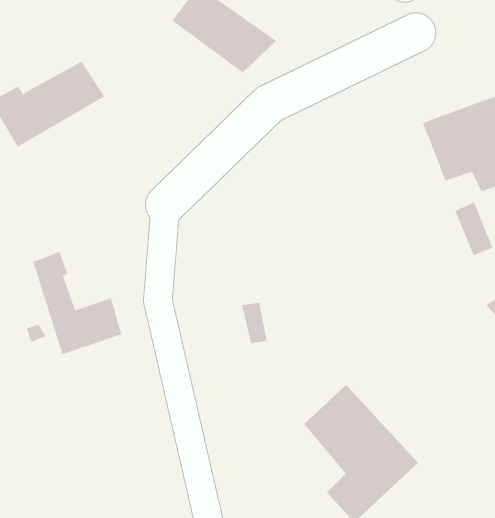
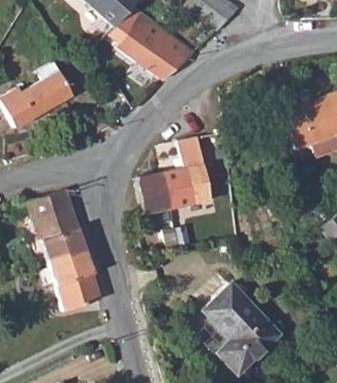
building: none -> [136,134,209,213]
building: none -> [46,187,79,232]
building: none -> [47,248,101,312]

